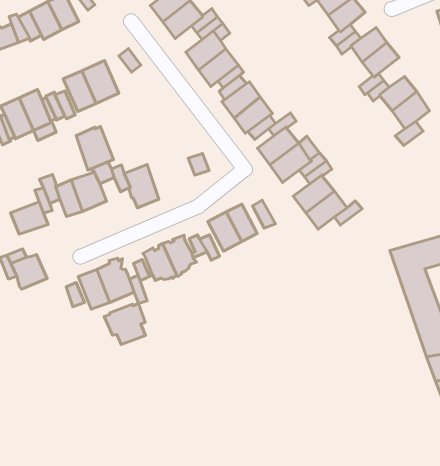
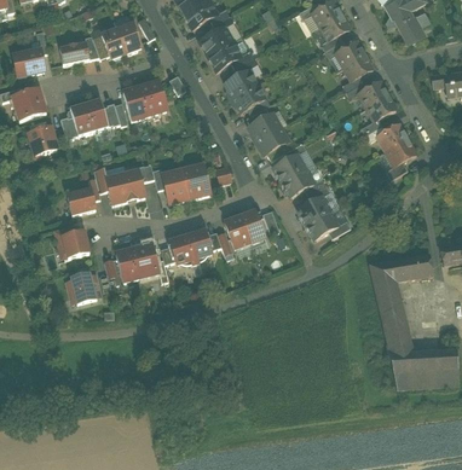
building: [76,127,114,170] -> [181,164,209,198]
building: [104,303,145,345] -> [65,272,98,303]

